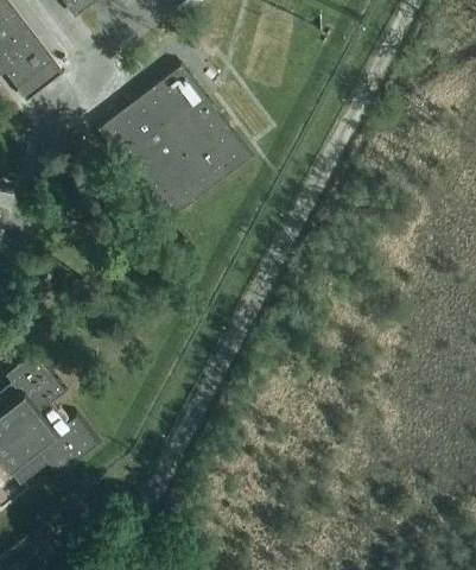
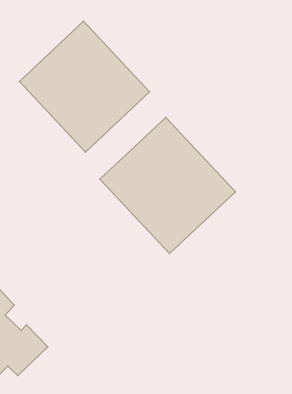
building: none -> [100,118,235,254]

